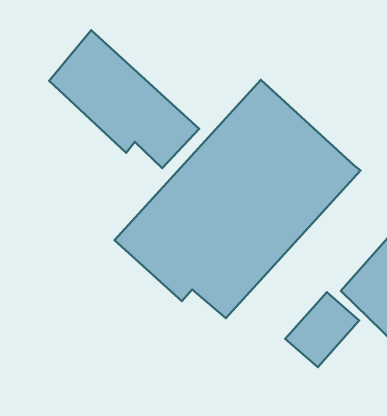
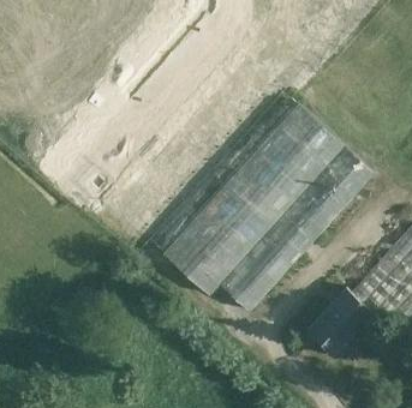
building: [49,30,199,168] -> none

